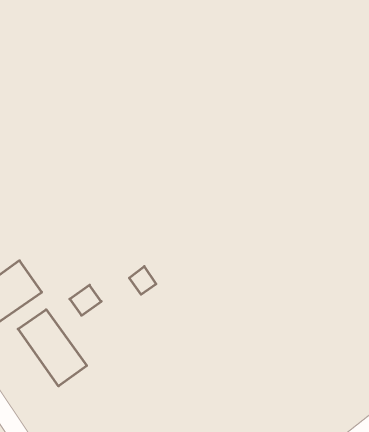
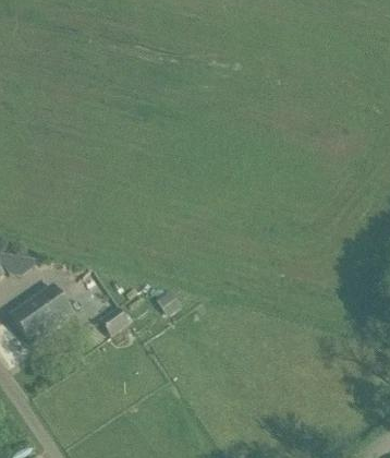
building: [18,310,87,386] -> none

